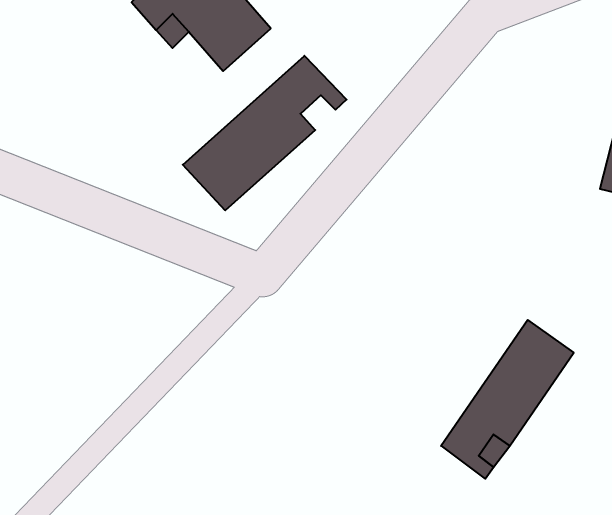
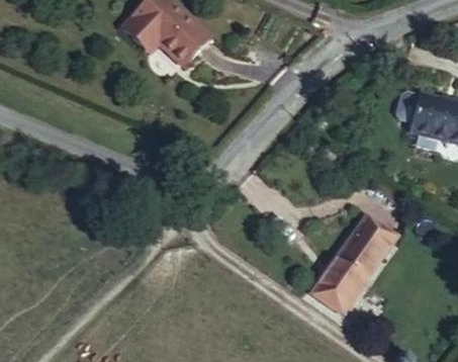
building: [183,56,347,210] -> none

